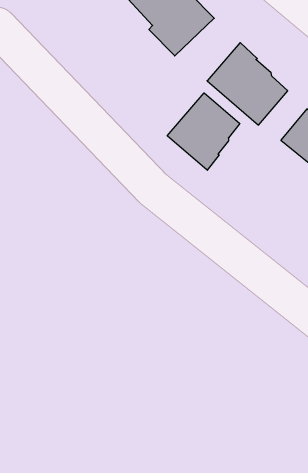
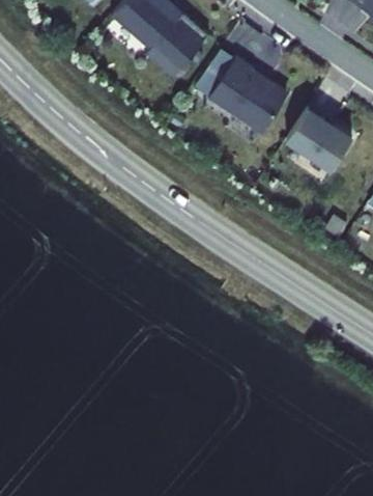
building: [167,93,240,170] -> none

